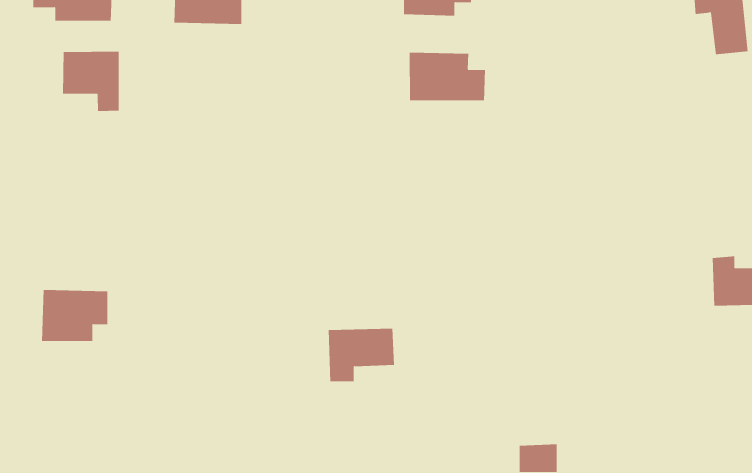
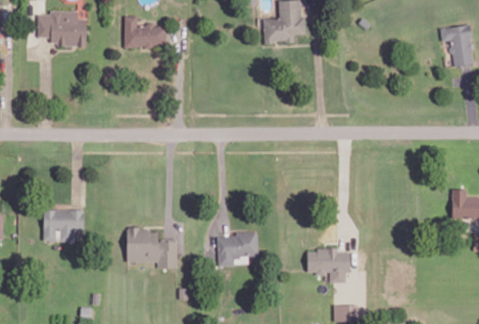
building: [63,51,119,112] -> none
building: [409,52,485,101] -> none
building: none -> [127,230,178,269]
building: none -> [306,249,350,283]

